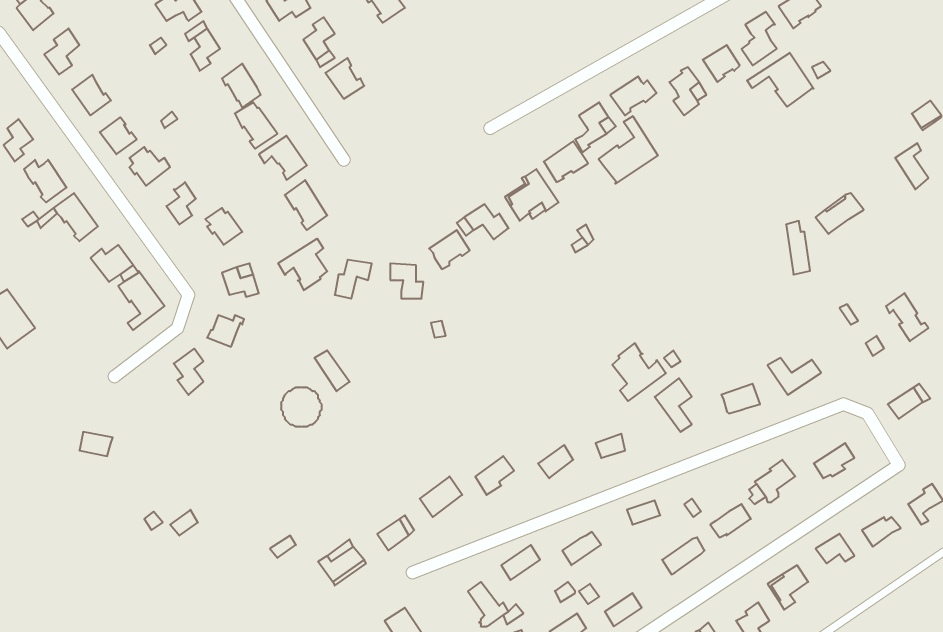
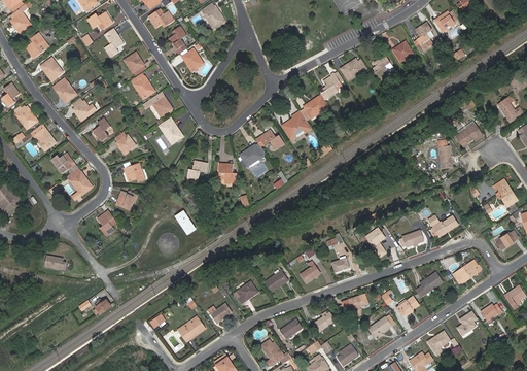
building: [747,53,814,107] -> none
building: [599,116,658,184] -> none
building: [278,239,327,290] -> none
building: [612,343,666,401] -> none

